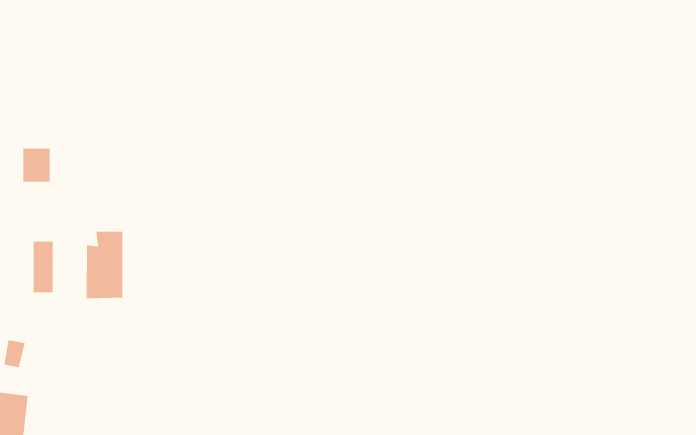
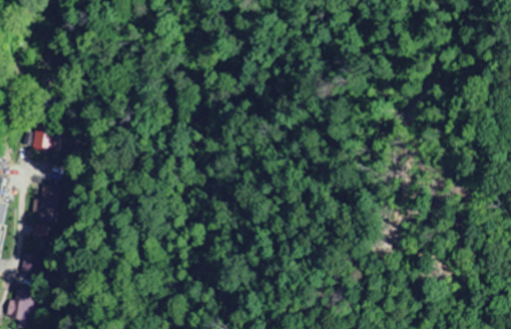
building: [86,231,123,299] -> none

